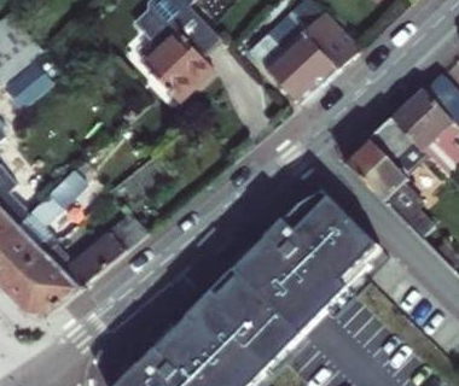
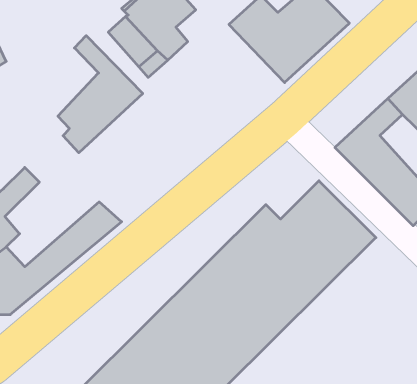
building: none -> [58,36,143,153]

